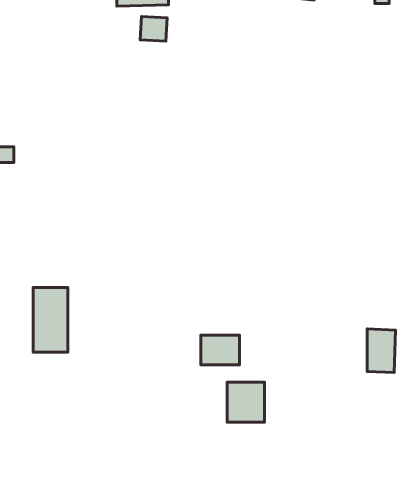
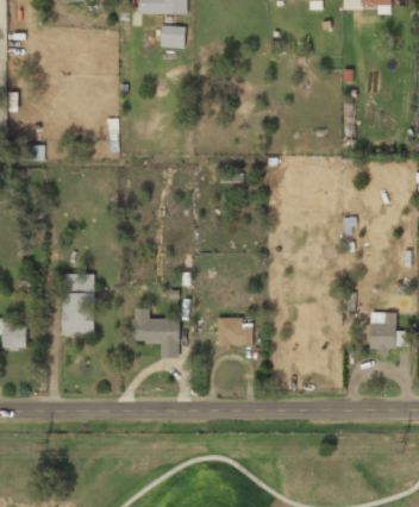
building: none -> [131,308,180,358]
building: [227,382,265,422] -> none

